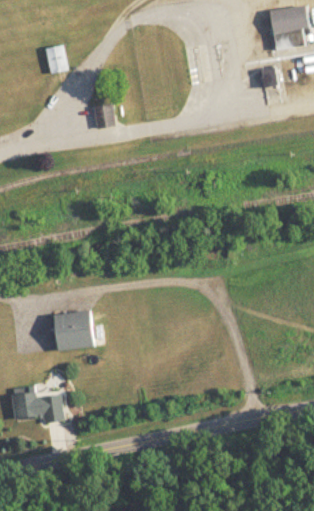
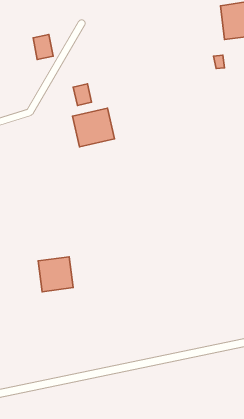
building: none -> [72,108,115,147]
building: [12,390,64,421] -> none

